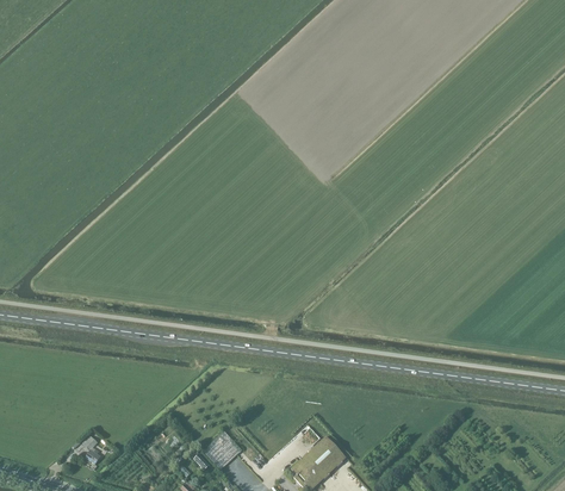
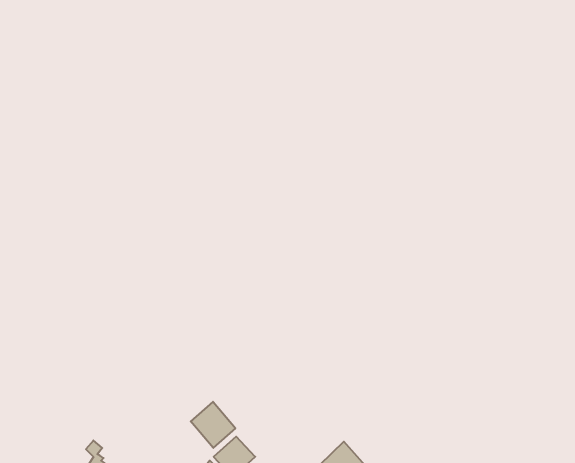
building: none -> [191,402,235,448]

